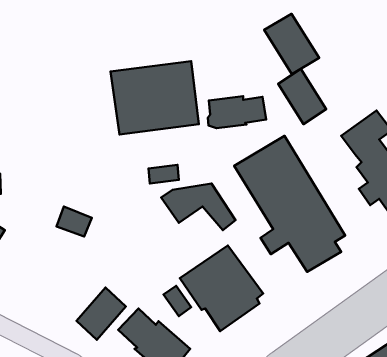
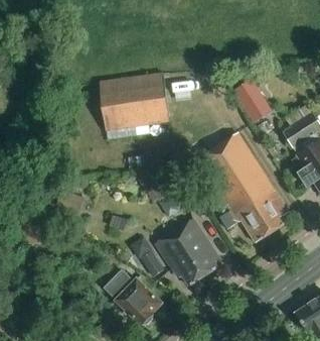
building: [264,14,319,74] -> none
building: [208,96,266,128] -> none
building: [76,288,126,340] -> none

